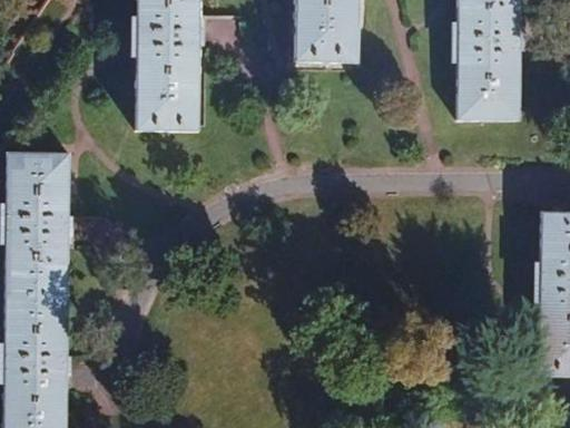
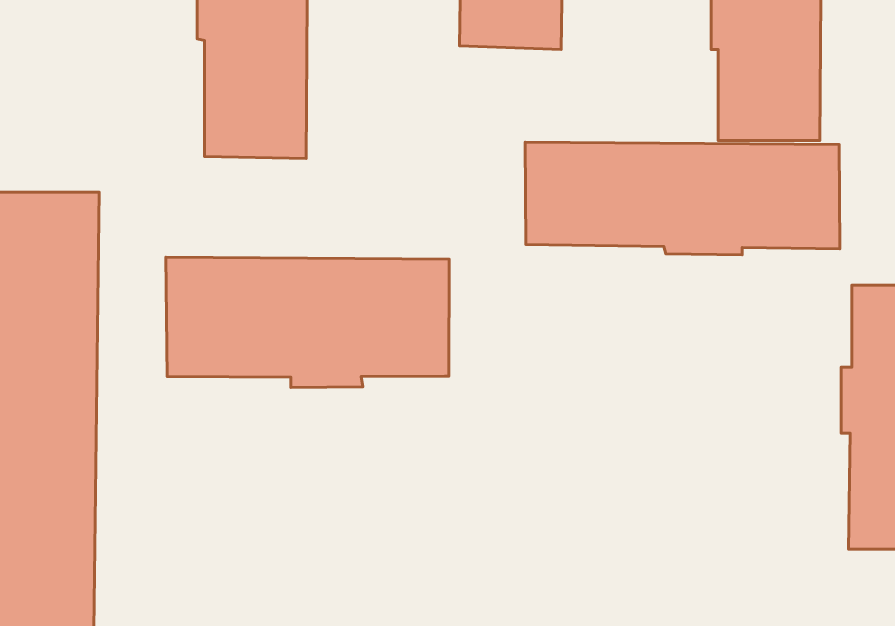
building: none -> [525,142,840,255]
building: none -> [166,257,449,388]

